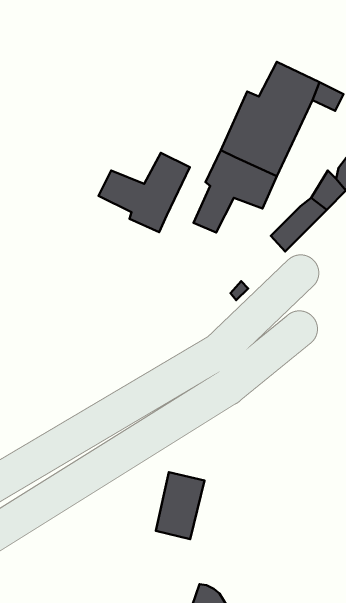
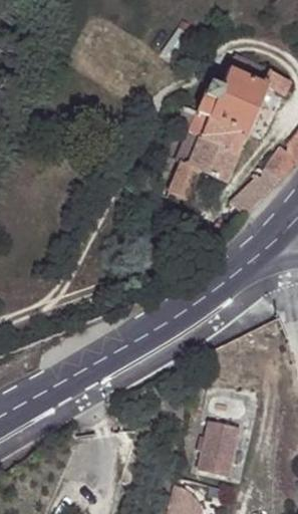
building: [98,153,190,232] -> none
building: [156,472,204,539] -> [198,428,239,484]

